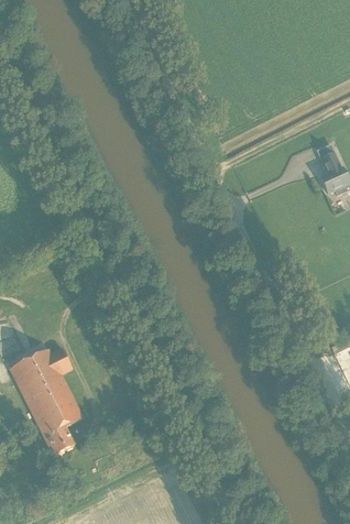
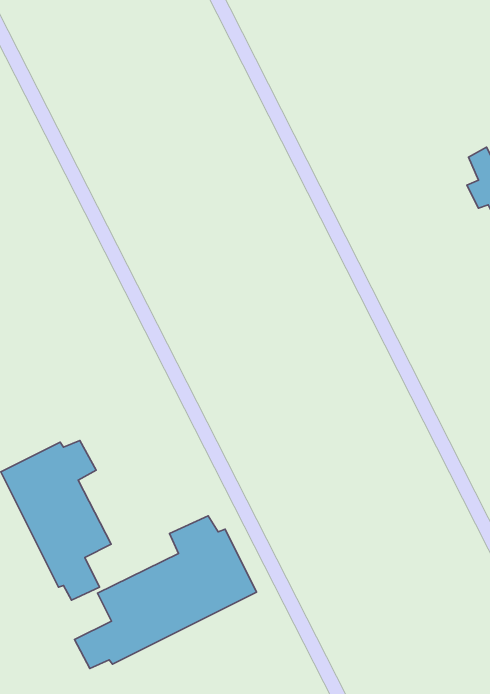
building: none -> [74,516,257,669]

